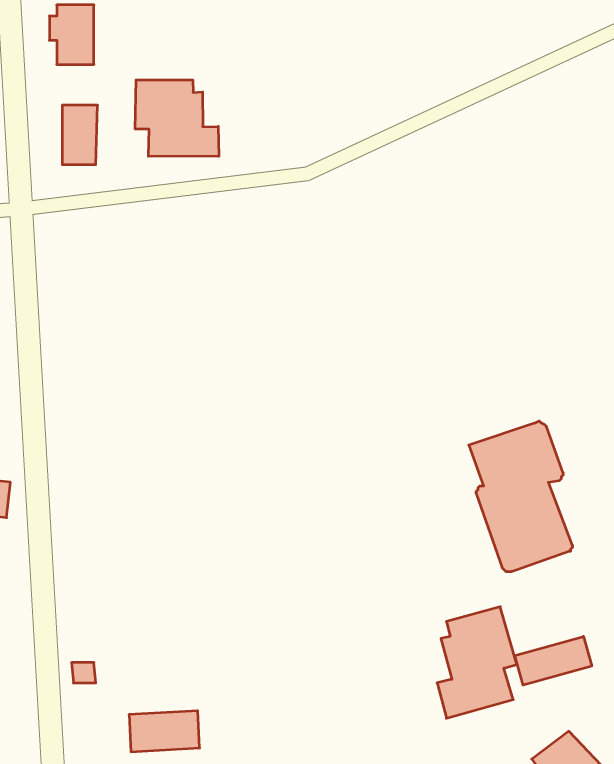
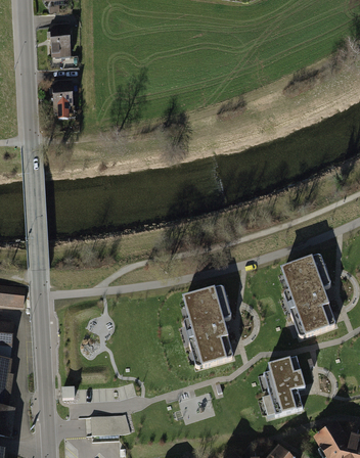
building: [135,80,219,156] -> none
building: none -> [180,284,231,365]
building: [515,636,592,685] -> none

